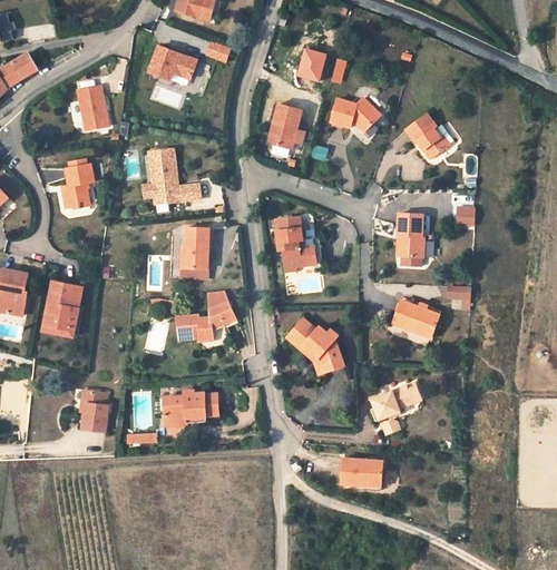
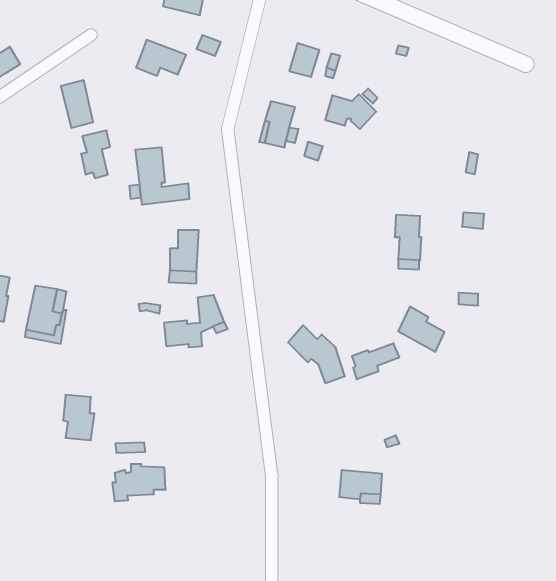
building: [404,115,452,158] -> none
building: [65,164,92,209] -> [81,130,110,178]
building: [277,215,317,266] -> none
building: [165,387,216,423] -> [112,464,166,501]
building: [375,389,421,423] -> [352,343,399,379]

